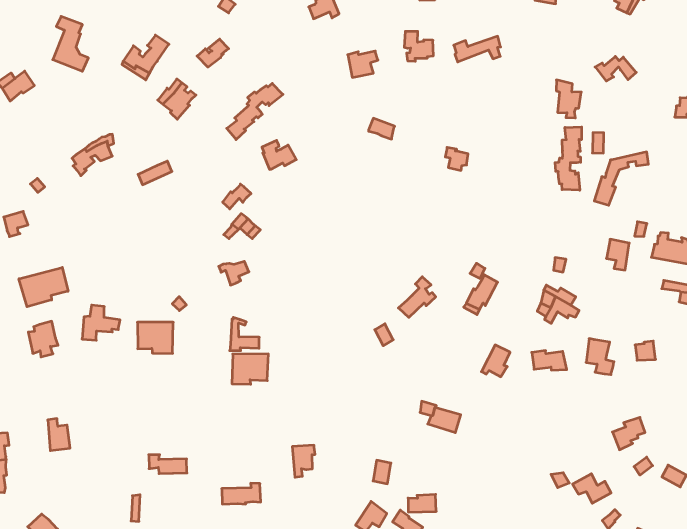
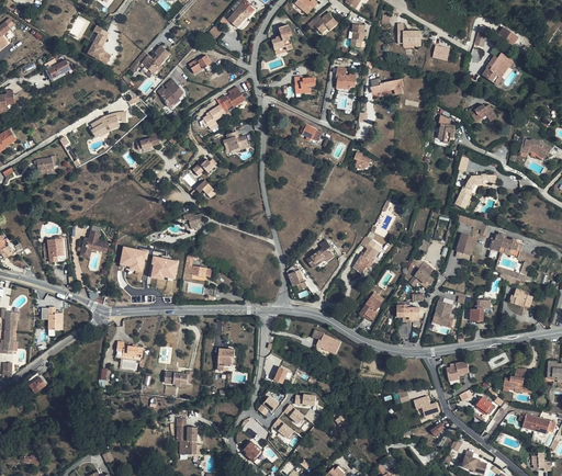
building: [555,127,582,190] -> none
building: [19,267,68,307] -> none
building: [232,354,268,384] -> [149,257,178,280]

